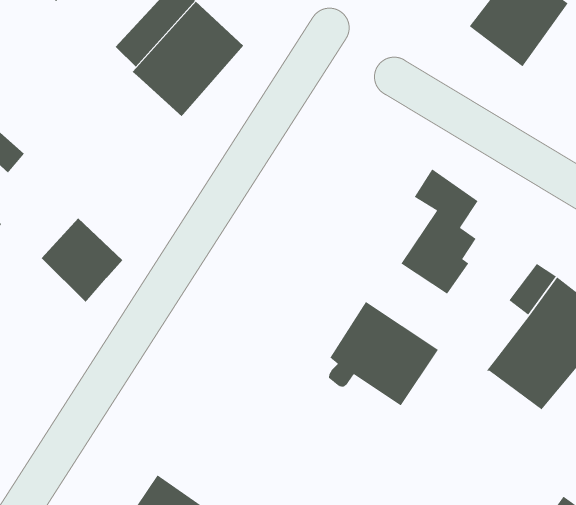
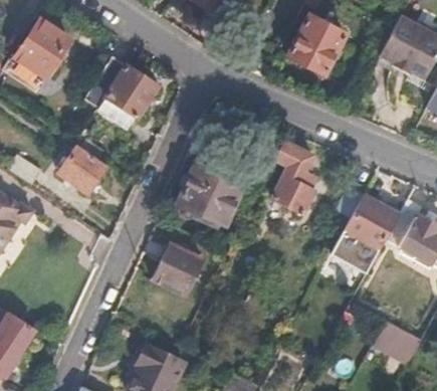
building: [41,217,123,303] -> [60,144,108,193]
building: [328,301,439,406] -> [178,167,241,225]
building: none -> [154,244,203,297]

